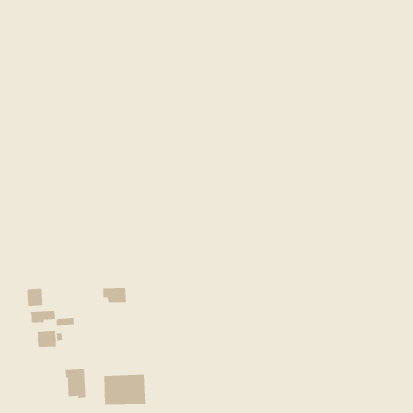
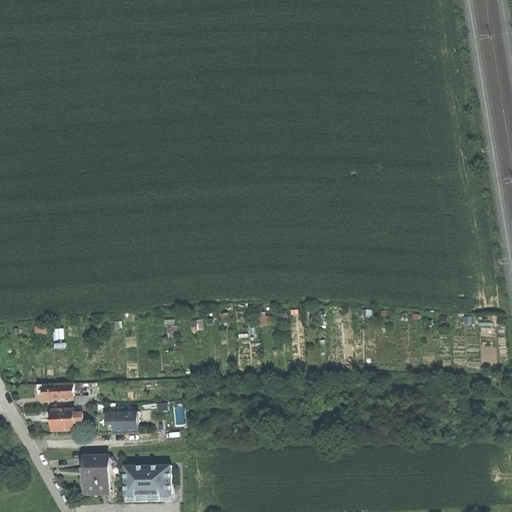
building: [102,287,127,303] -> [103,410,133,429]
building: [27,288,43,307] -> none

